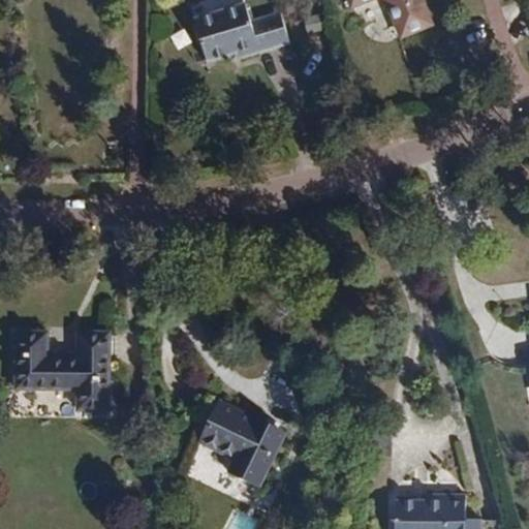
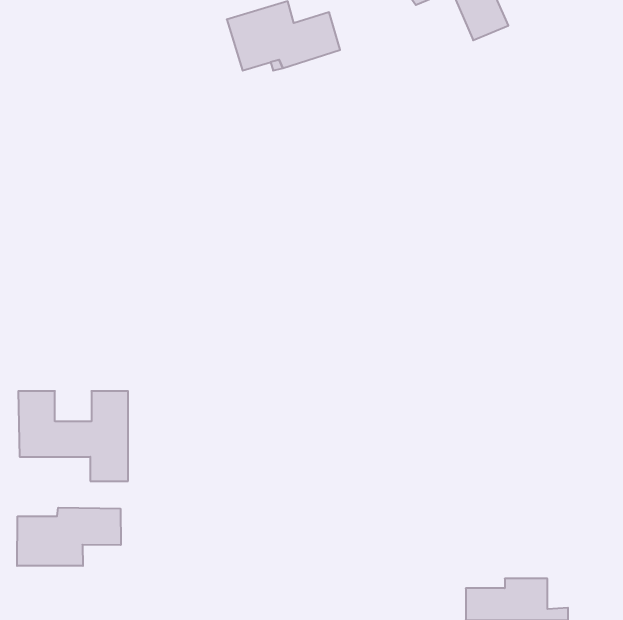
building: [200,401,284,486] -> none
building: none -> [17,508,121,566]

